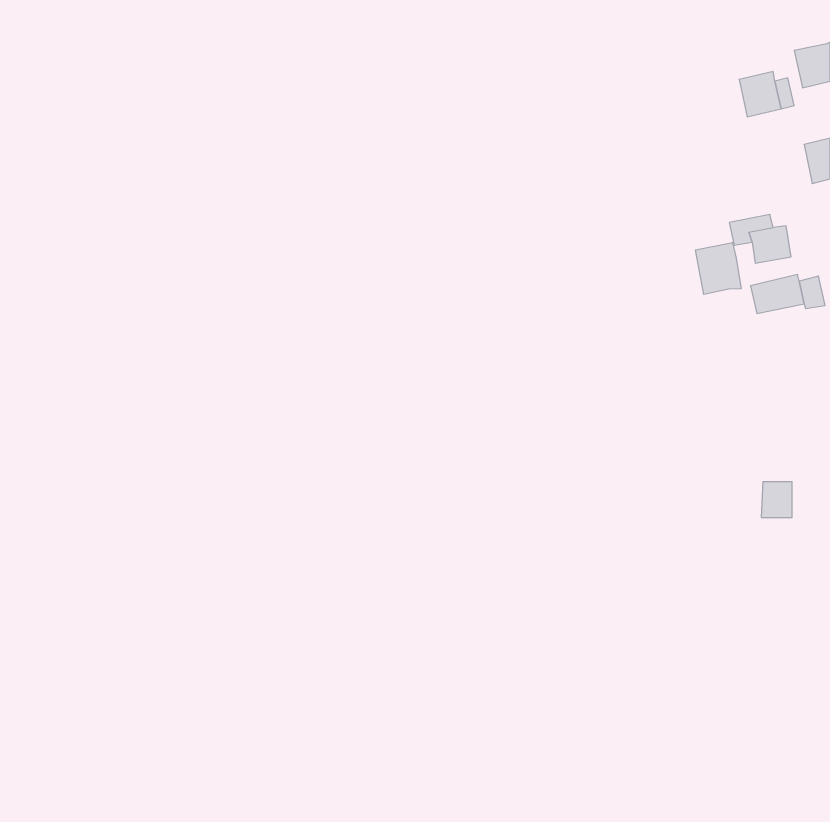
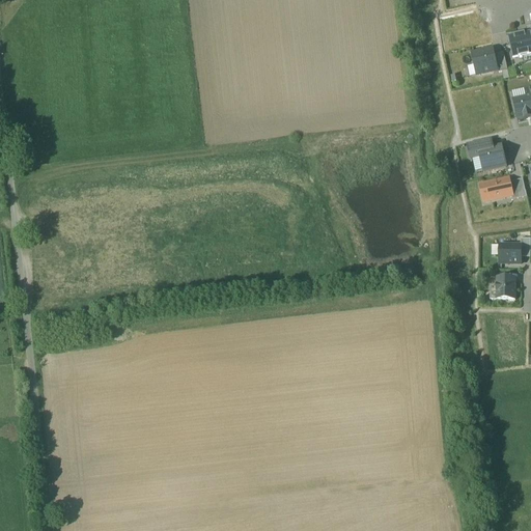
building: [696,242,741,294] -> none
building: none -> [499,240,523,262]
building: [761,482,792,517] -> [497,276,516,299]

